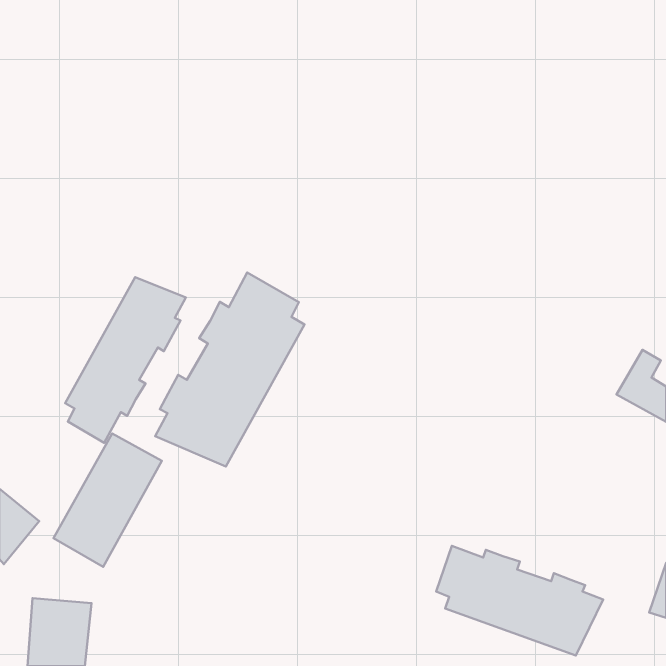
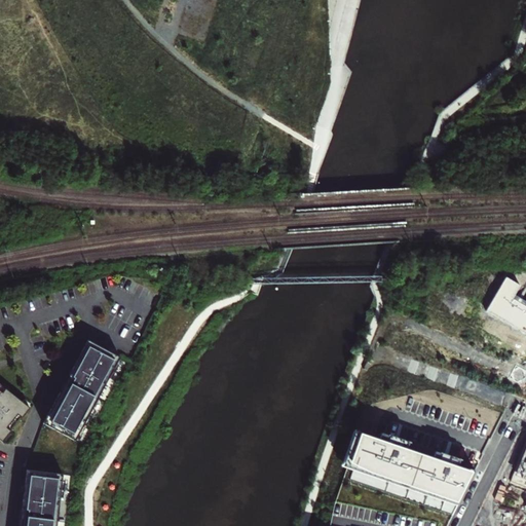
building: [155,273,305,466] -> none
building: [65,277,186,443] -> none

